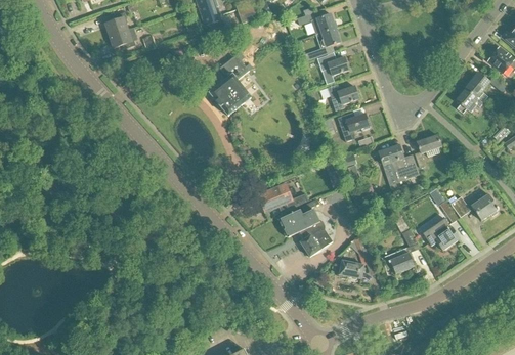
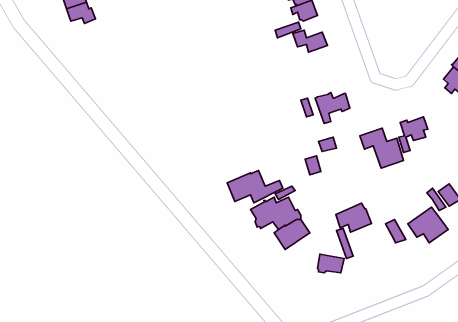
building: [209,53,250,115] -> none
building: [317,83,358,103] -> none
building: [381,247,414,273] -> [336,203,372,232]

